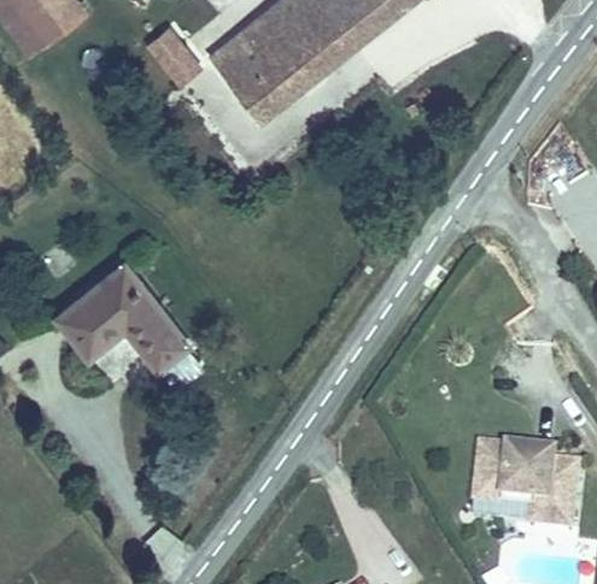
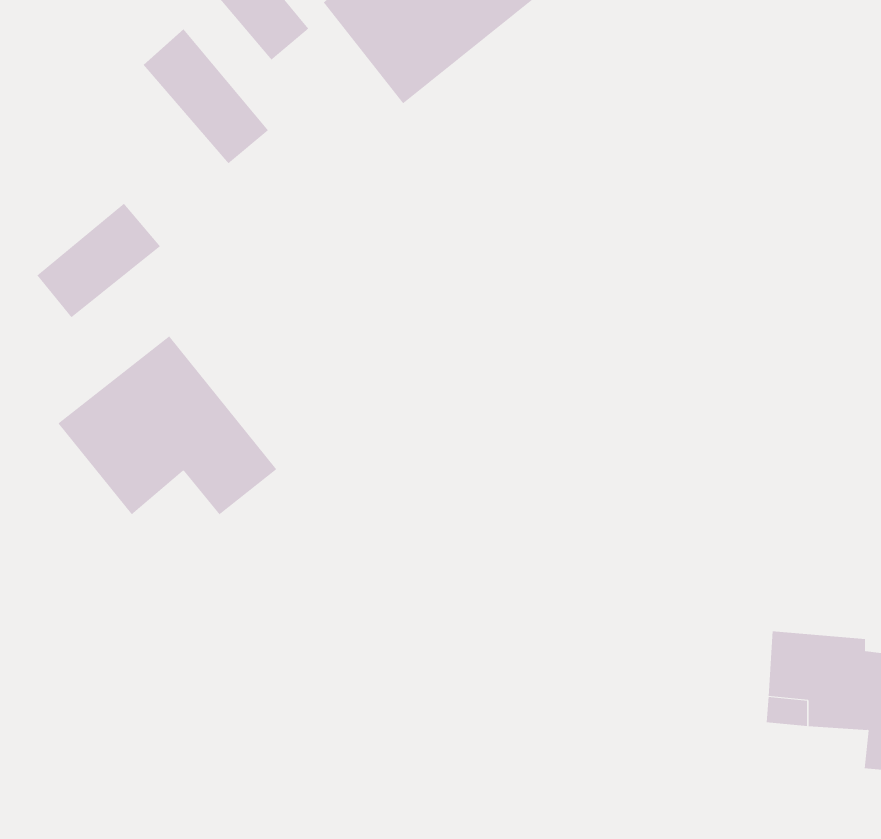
building: none -> [143,29,269,164]
building: none -> [37,203,161,318]

